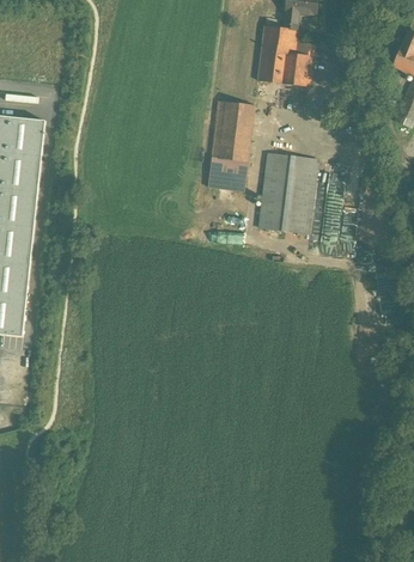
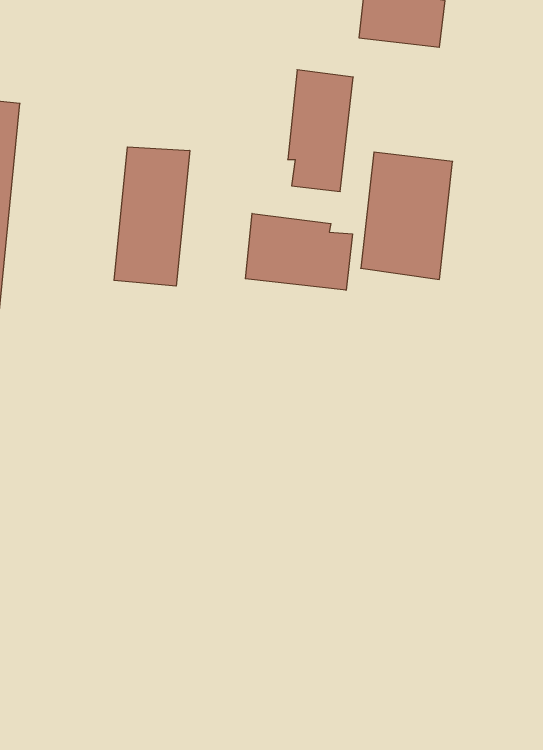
building: none -> [114,147,190,286]
building: none -> [245,213,352,290]

